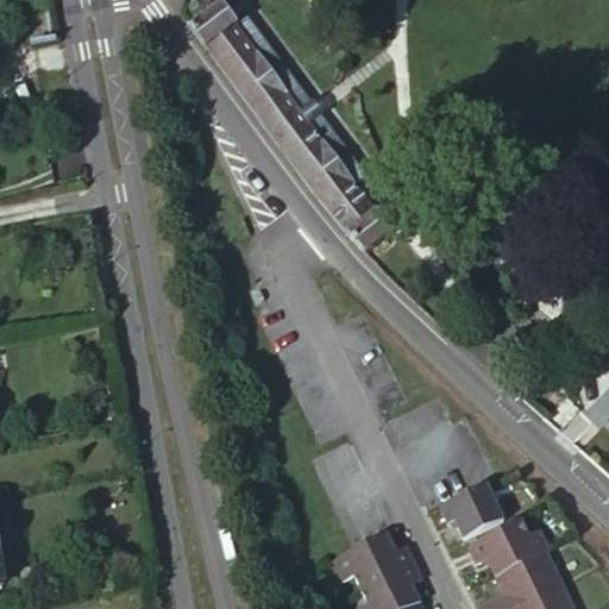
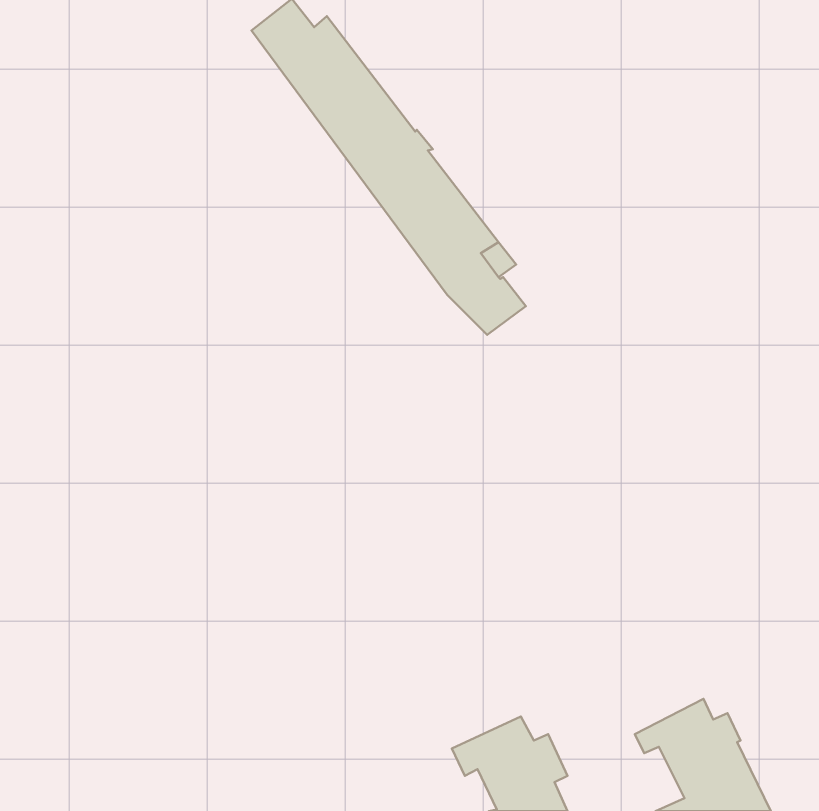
building: [442,483,503,534] -> none

